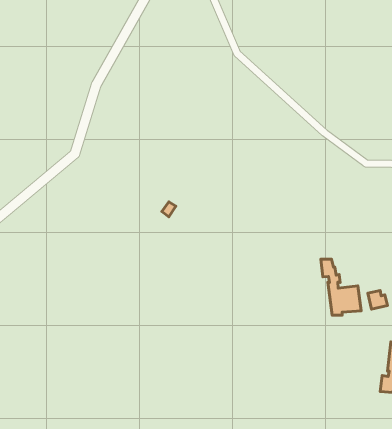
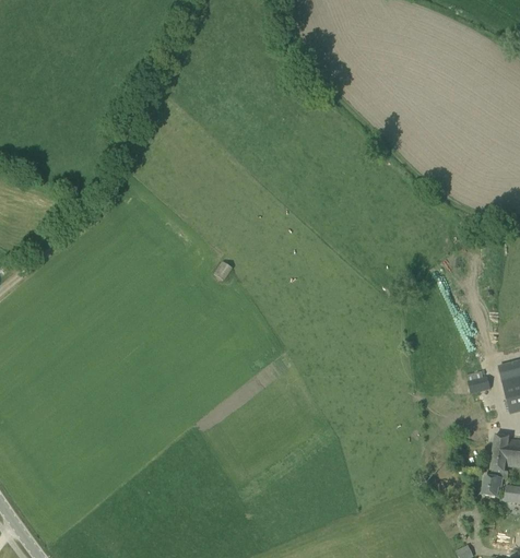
building: [321,259,361,315] -> none

